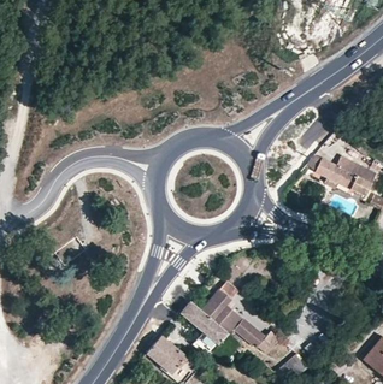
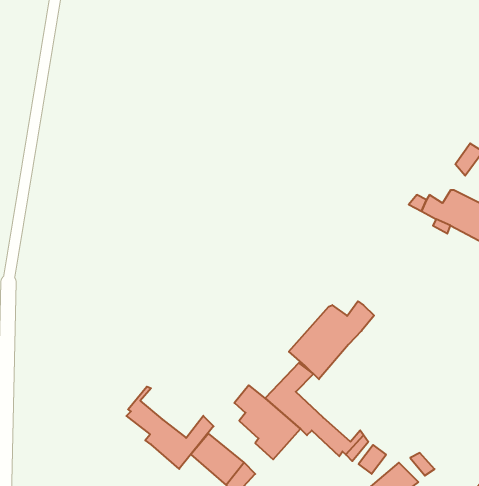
building: none -> [289,301,374,379]
building: none -> [126,387,214,469]

